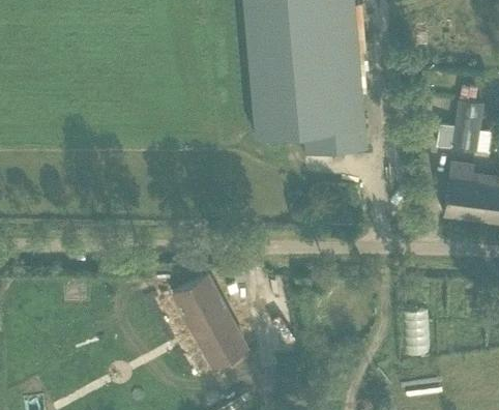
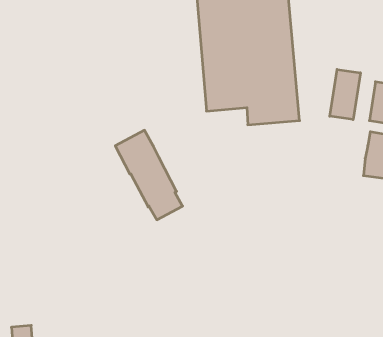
building: none -> [330,69,360,120]
building: [173,274,254,382] -> [115,130,183,220]

